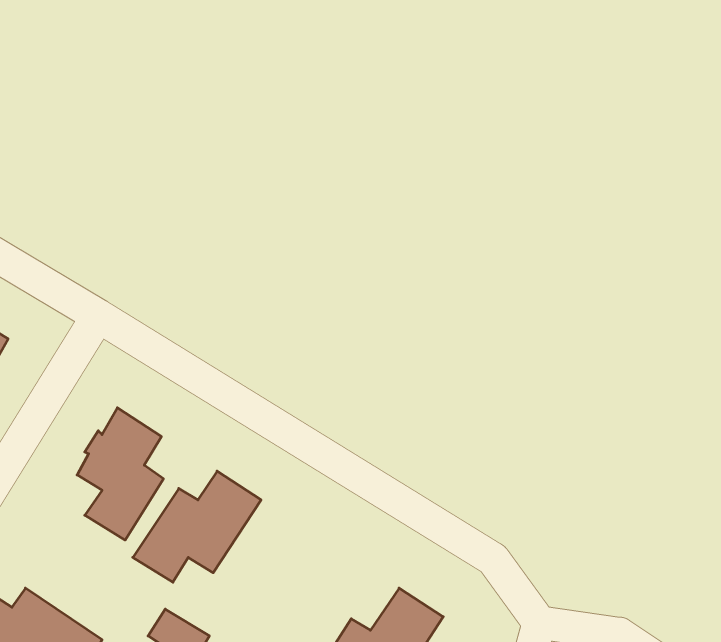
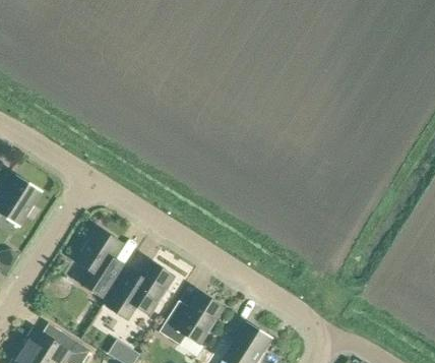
building: none -> [160,293,224,345]

